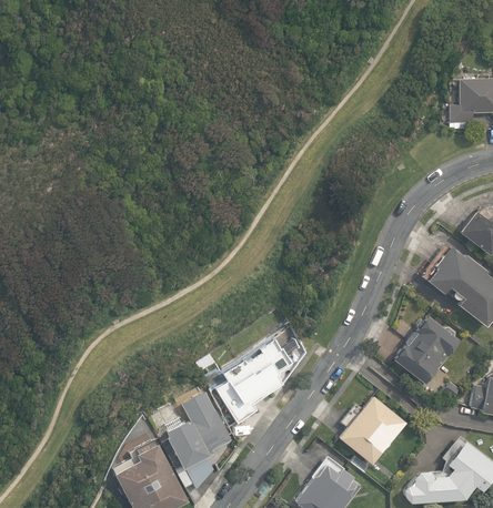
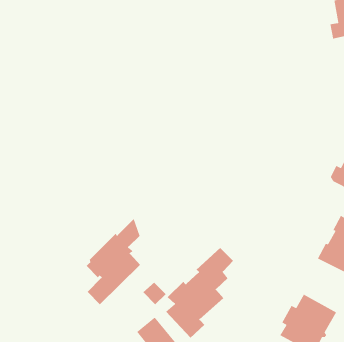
building: none -> [86,218,141,305]

